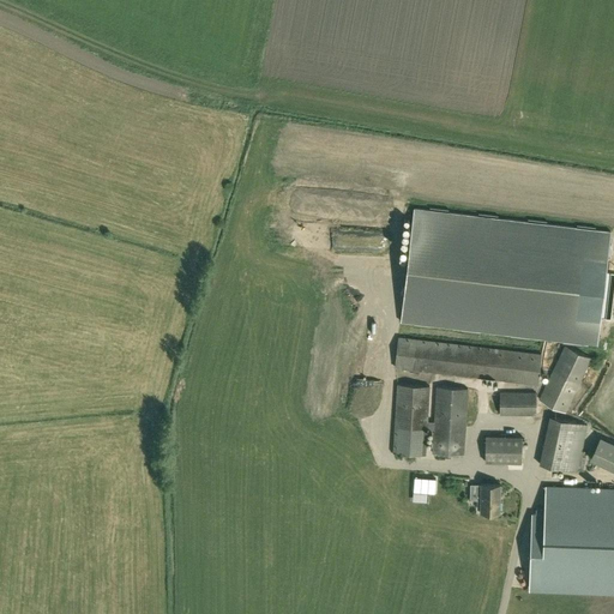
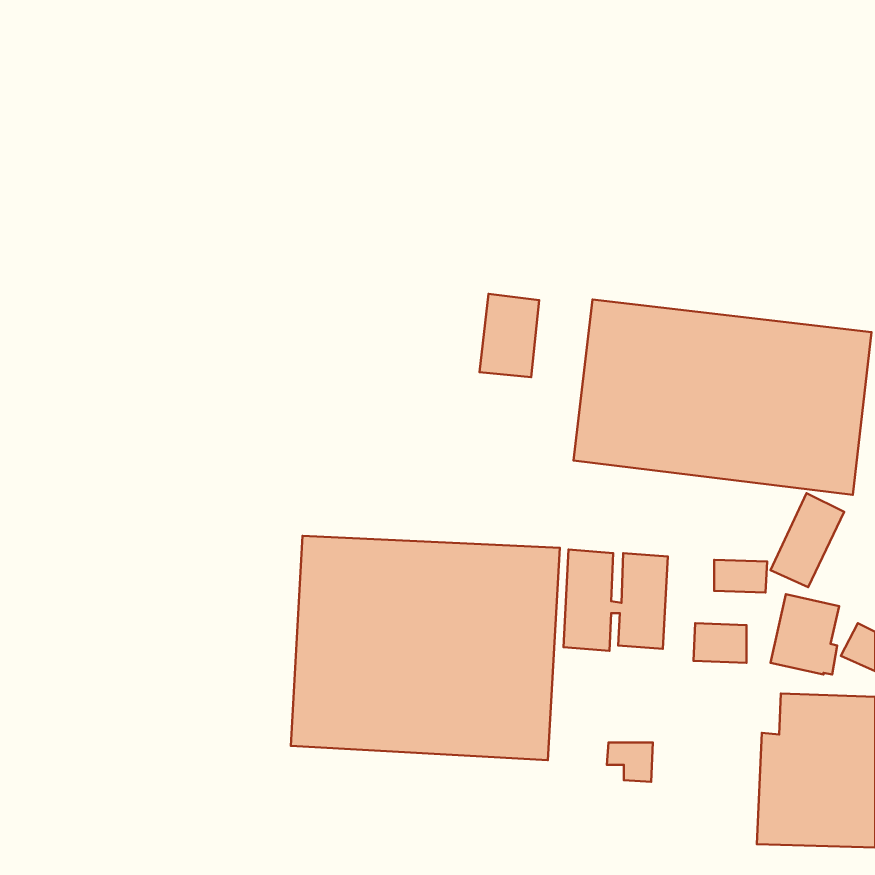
building: none -> [479,294,539,377]
building: [396,337,542,385] -> none
building: none -> [291,536,560,760]
building: [469,484,501,512] -> [607,742,653,782]

